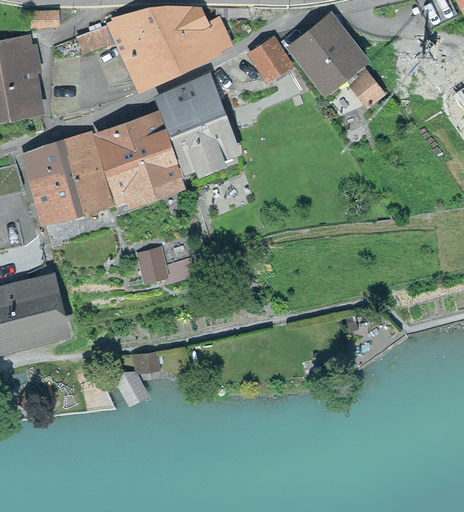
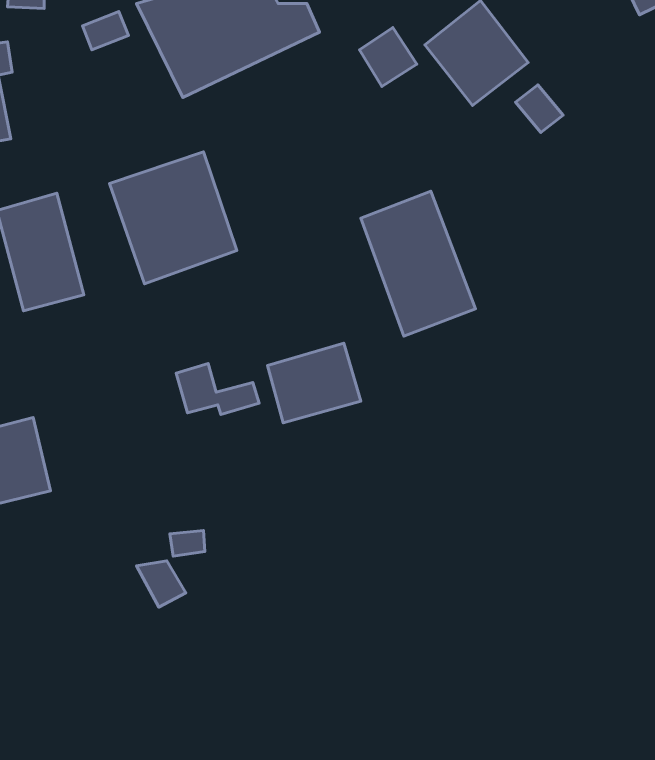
building: [160,79,232,170] -> [361,191,476,336]
building: [64,137,110,206] -> none
building: none -> [268,343,361,423]

